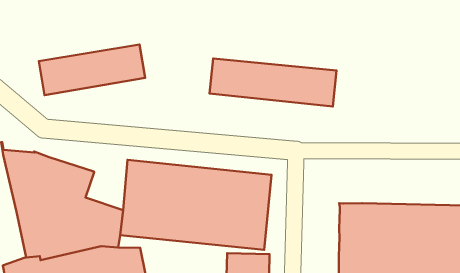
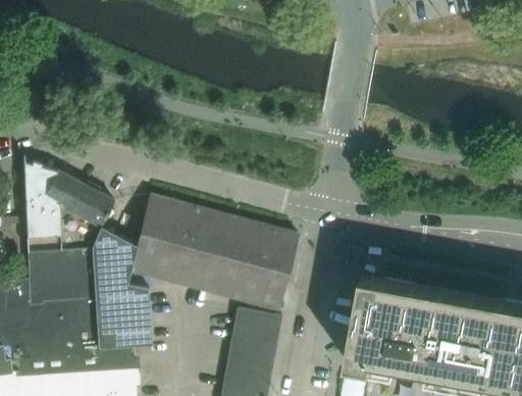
building: [39,45,145,95] -> none
building: [210,58,337,106] -> none

